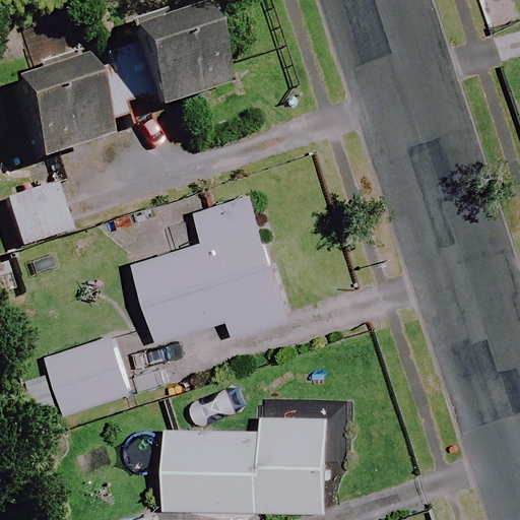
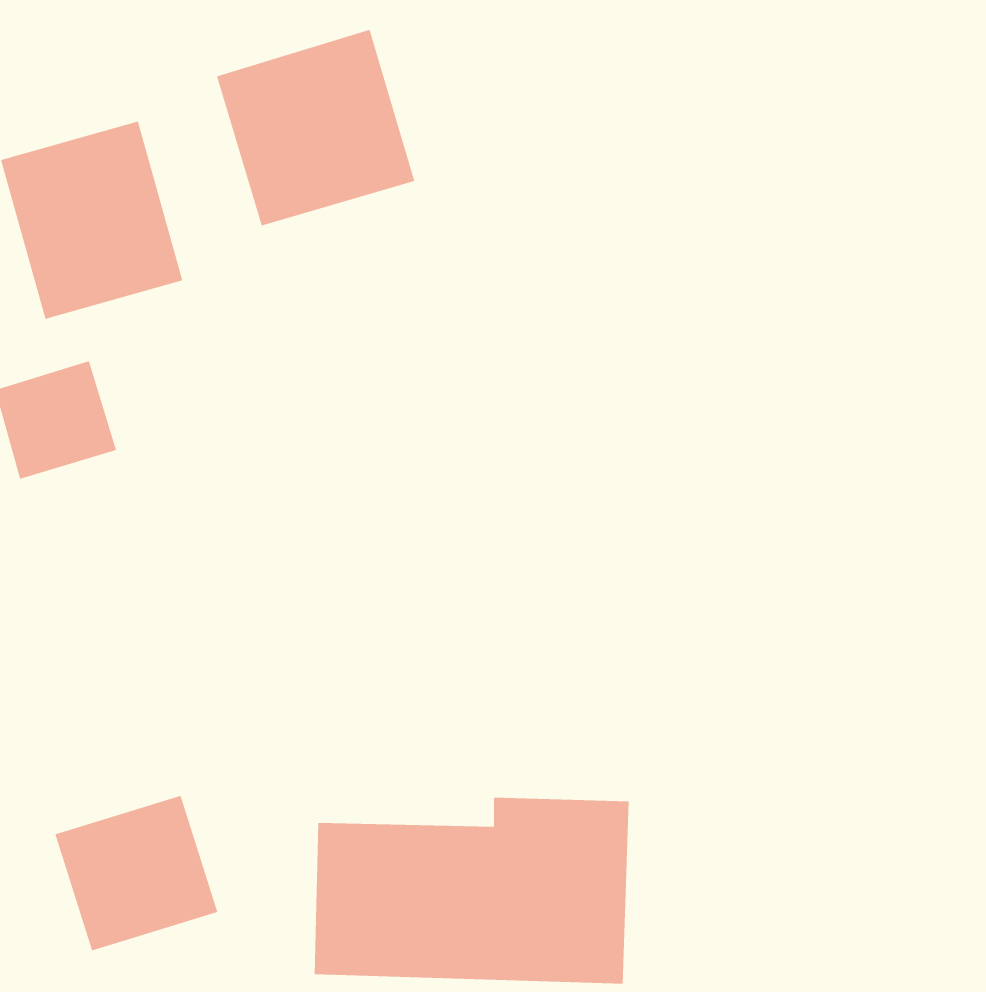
building: [133,196,288,341] -> none
building: [43,334,128,415] -> [54,795,218,951]

